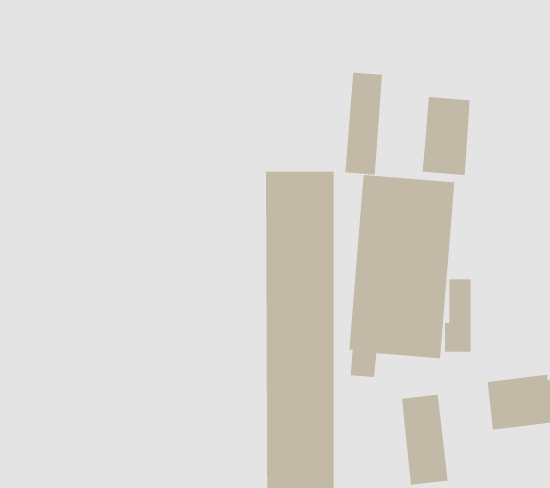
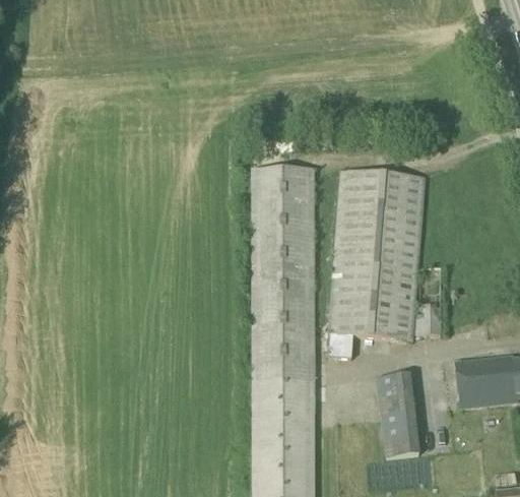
building: [345,72,382,175] -> none
building: [422,96,470,176] -> none

